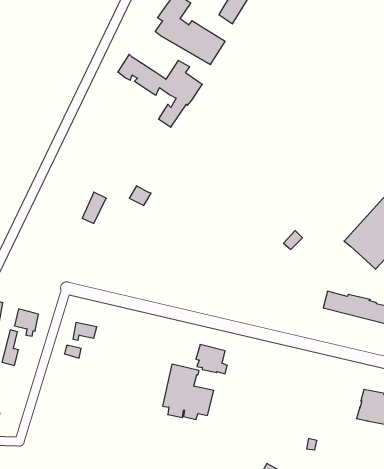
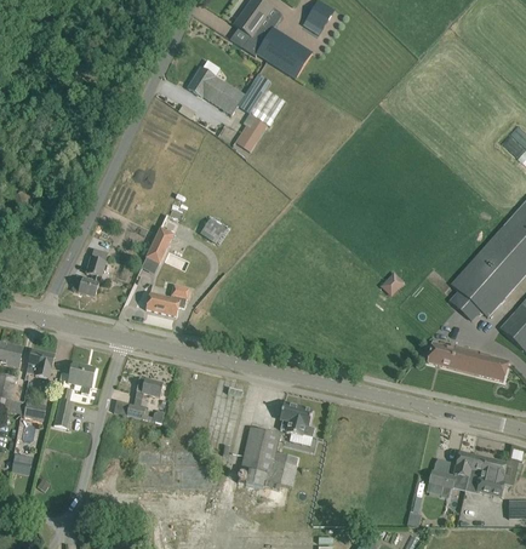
building: none -> [73,250,108,297]
building: none -> [145,285,189,316]
building: none -> [429,452,474,490]

